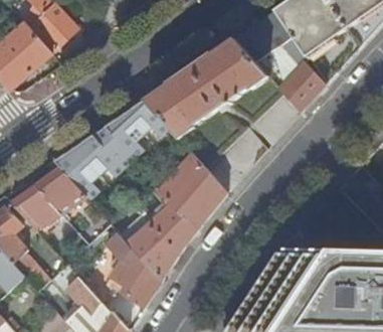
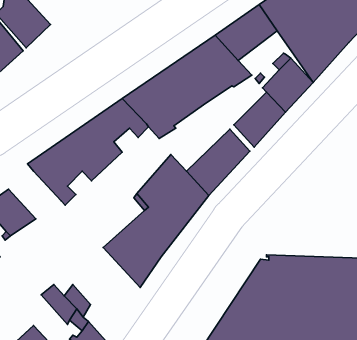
building: [35,168,85,213] -> none
building: [107,231,161,306] -> none

